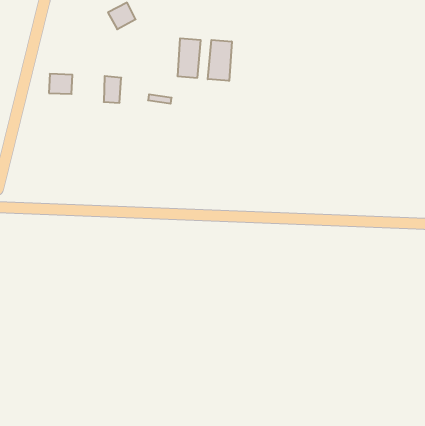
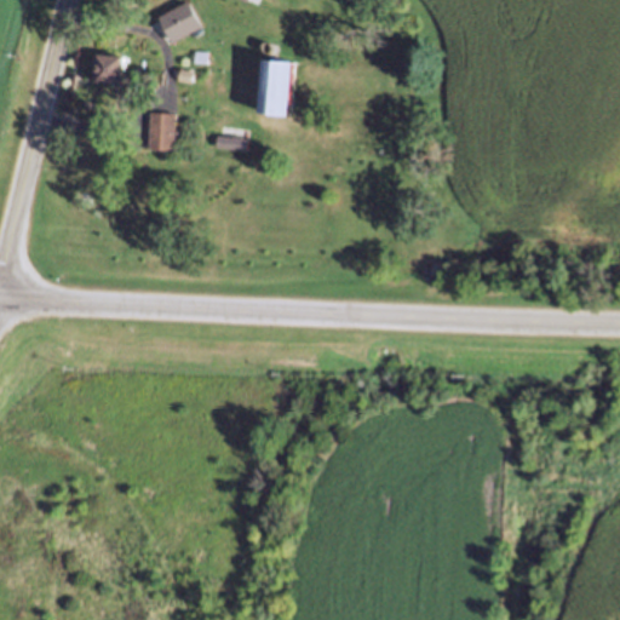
building: [208,40,232,81] -> none
building: [49,74,72,94] -> [91,54,125,84]

